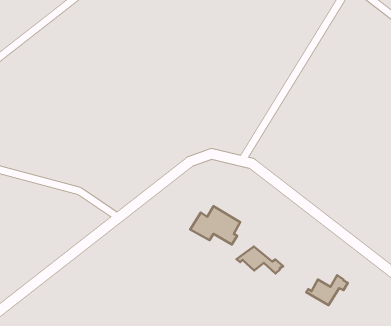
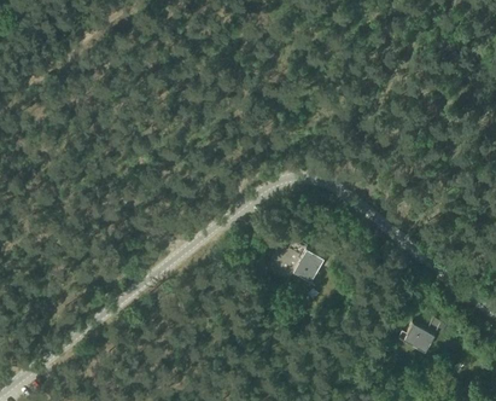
building: [236,246,283,274] -> none

